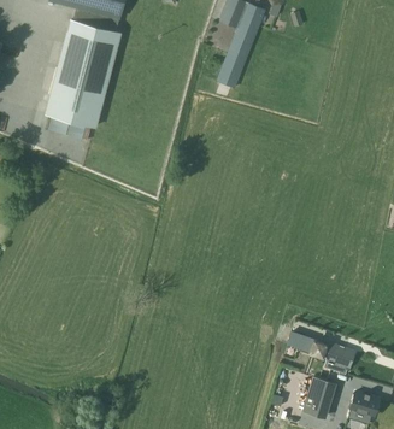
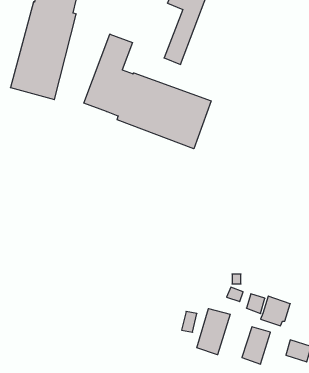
building: none -> [84,34,211,149]
building: none -> [197,309,230,355]

